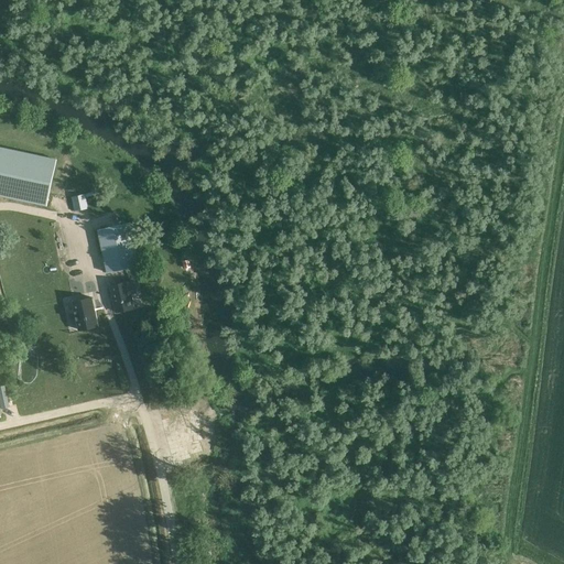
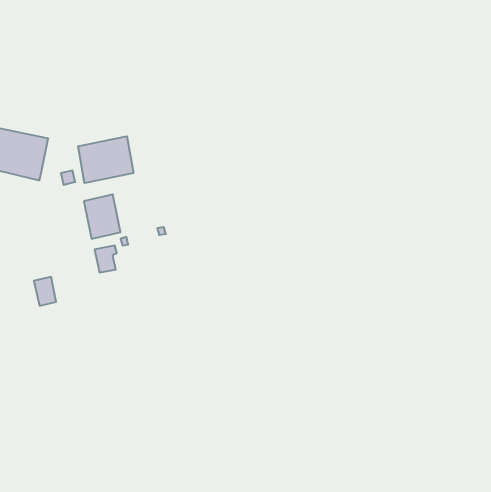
building: none -> [78,136,133,183]
building: [70,297,96,330] -> [34,277,56,306]

